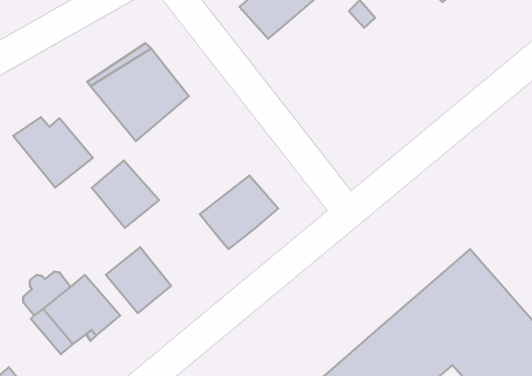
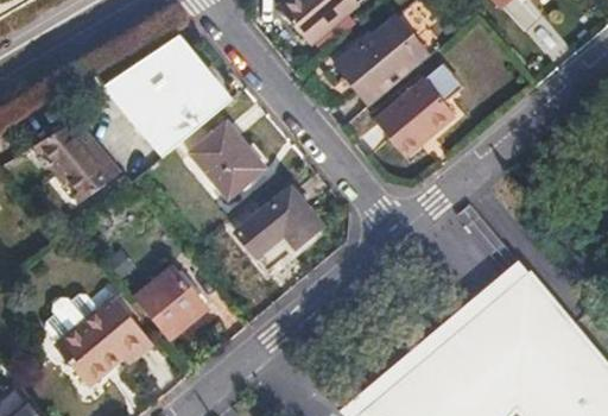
building: none -> [332,19,418,105]
building: none -> [387,52,474,145]
building: [92,160,159,228] -> [190,124,262,196]

